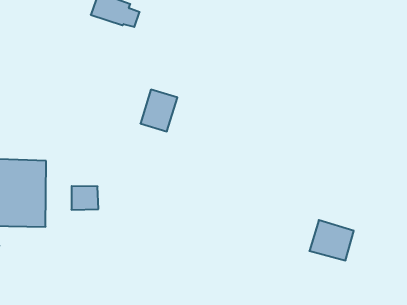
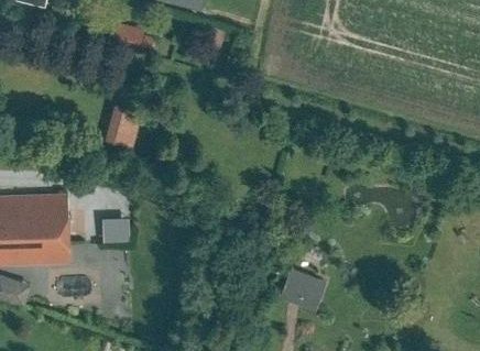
building: [140,90,177,131] -> [106,106,142,147]
building: [309,220,354,260] -> [273,267,317,307]

